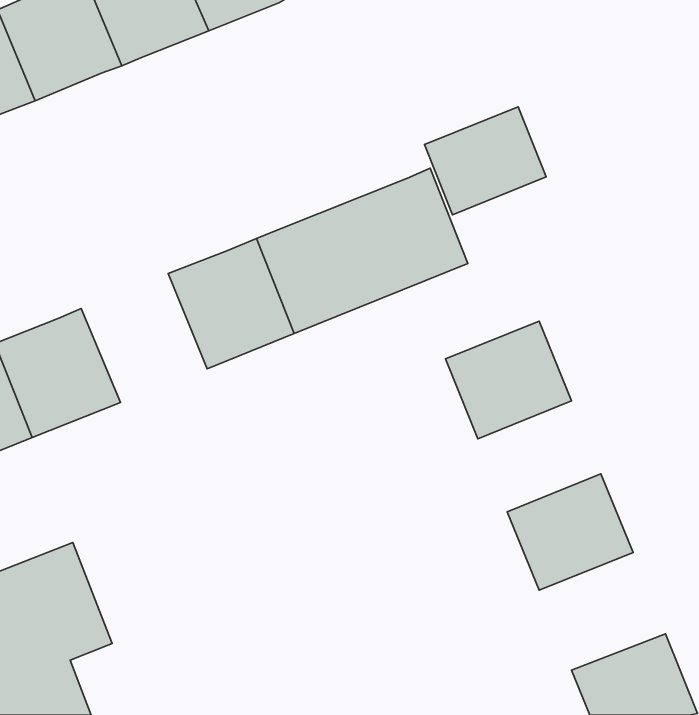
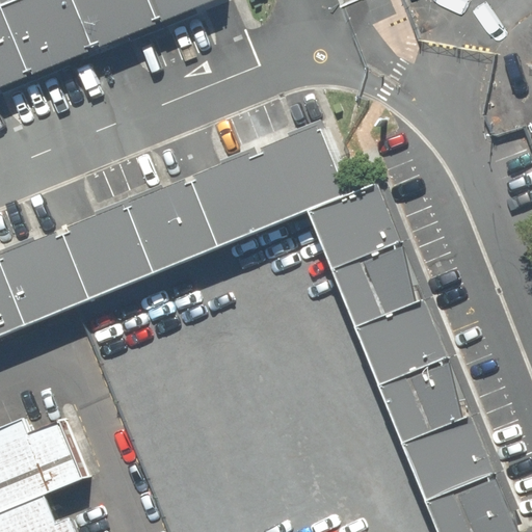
building: [424,107,546,215] -> [310,186,400,266]
building: none -> [60,203,154,298]
building: none -> [354,297,446,379]
building: none -> [400,409,494,497]

